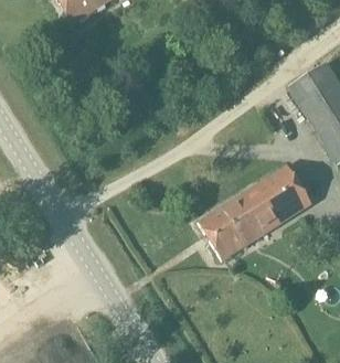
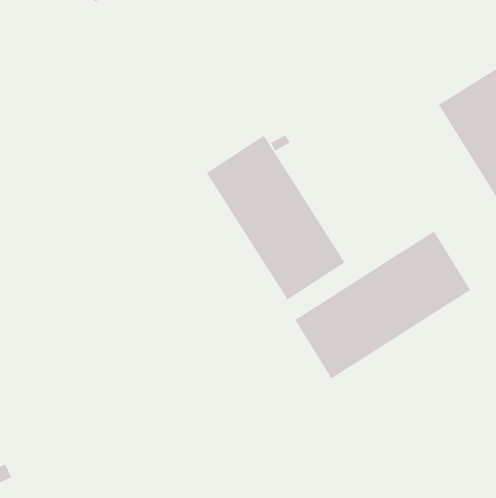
building: none -> [206,135,345,301]

